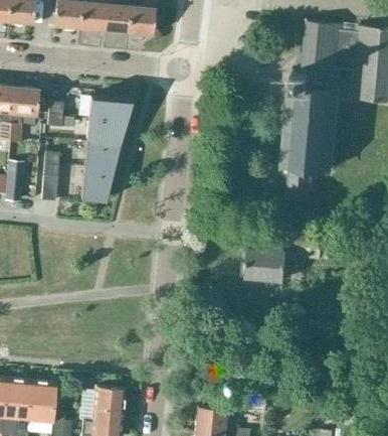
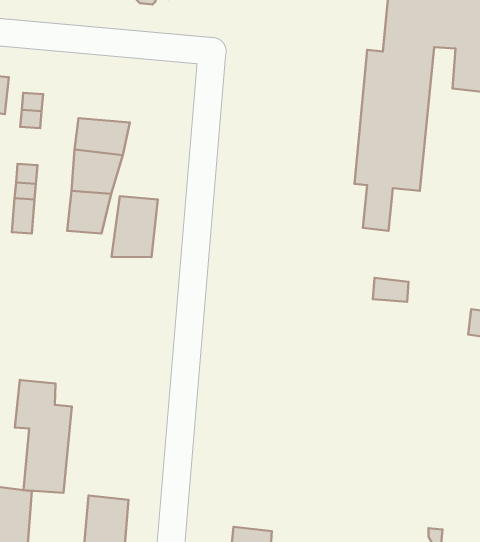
building: [88,96,131,122] -> none
building: none -> [111,196,158,257]
building: [246,242,298,280] -> none
building: none -> [15,380,72,493]

